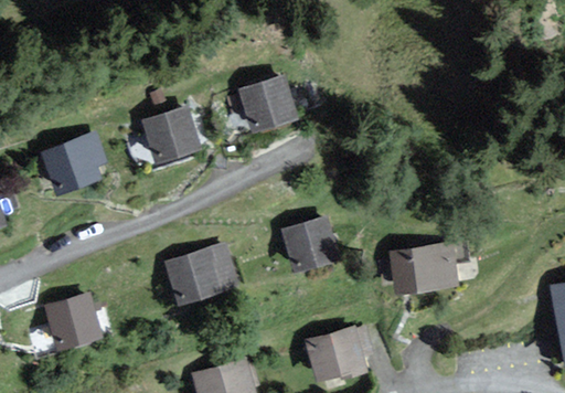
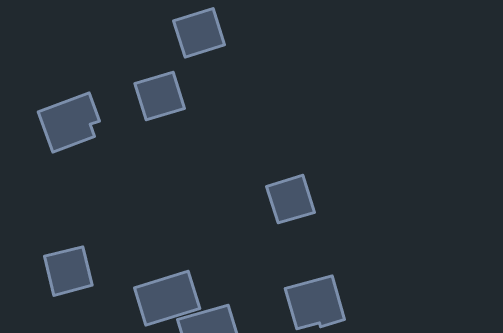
building: [242,78,296,130] -> [174,8,224,57]
building: [391,243,459,291] -> none
building: [169,245,238,302] -> [134,271,200,325]

